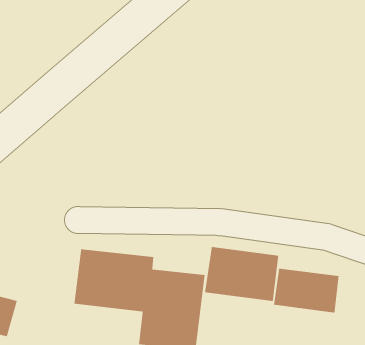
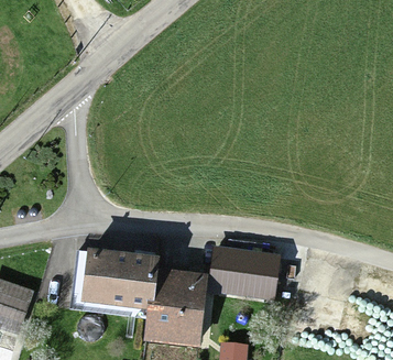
building: [273,268,340,313] -> none

